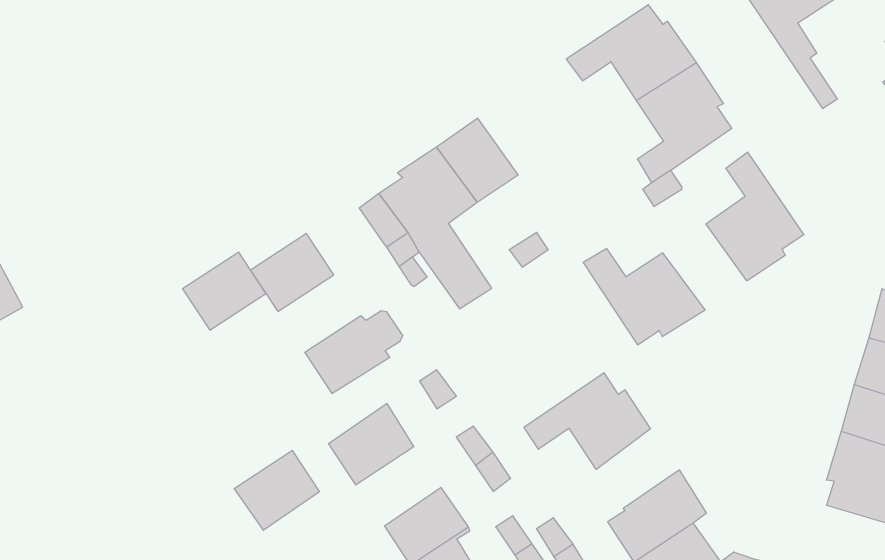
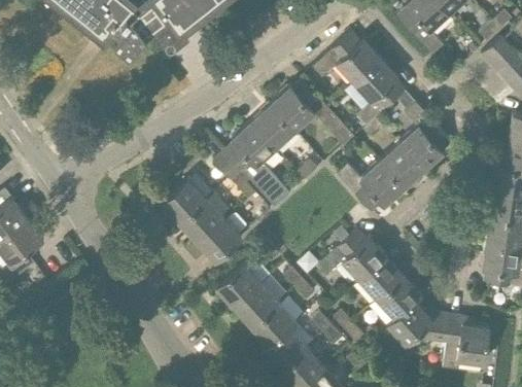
building: none -> [270,81,354,147]
building: none -> [378,144,424,189]
building: [183,252,266,330] -> [179,200,223,243]
building: none -> [359,256,404,301]
building: [234,451,320,530] -> [234,284,279,328]

